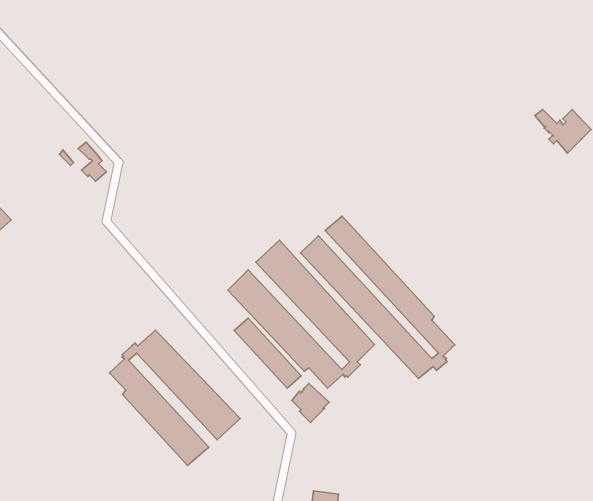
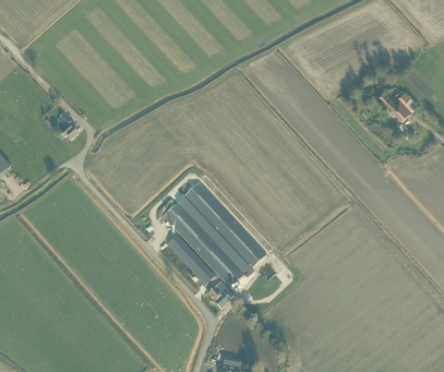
building: [300,216,455,378] -> none
building: [110,330,240,465] -> none

